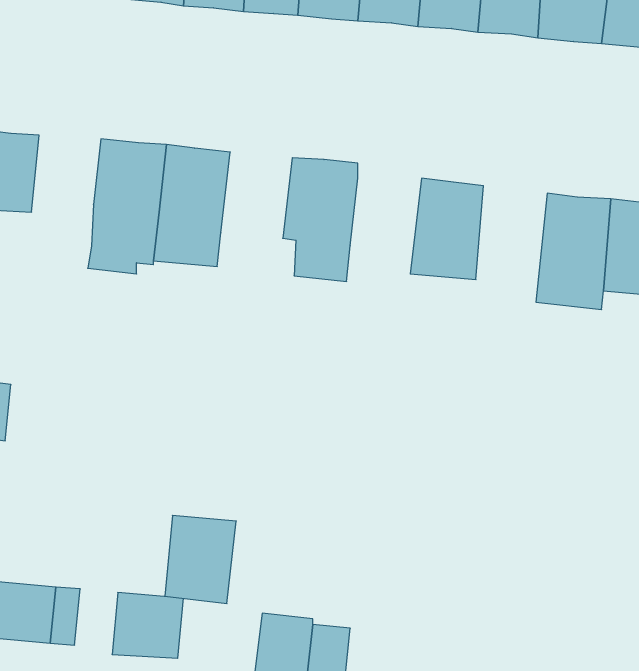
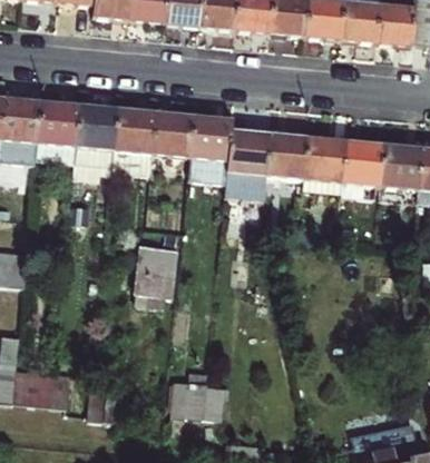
building: none -> [35,99,77,165]
building: none -> [148,109,190,160]
building: none -> [222,121,267,205]
building: none -> [300,129,342,198]
building: [165,515,236,604] -> [134,249,176,302]

